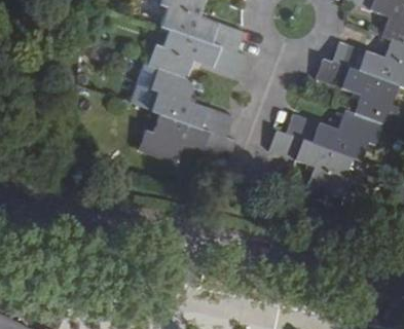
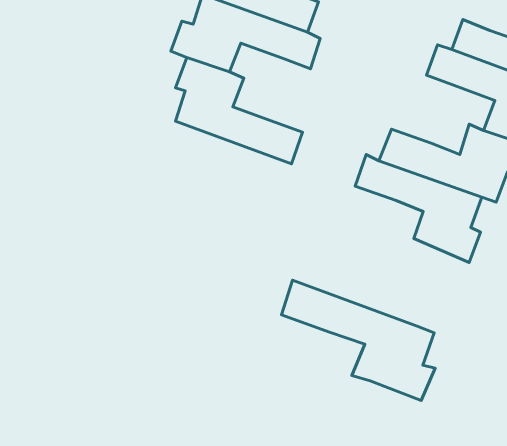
building: [139,113,235,163] -> none
building: none -> [282,280,435,401]

